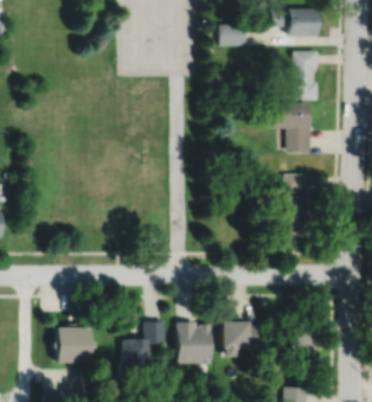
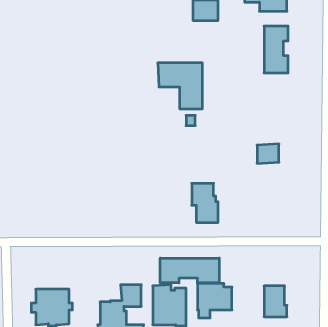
building: [265,104,312,152] -> [158,63,202,109]
building: [286,198,313,238] -> [192,183,218,222]
building: none -> [160,258,219,283]

